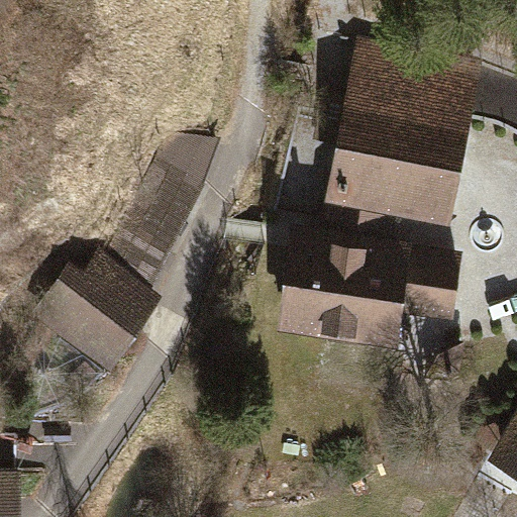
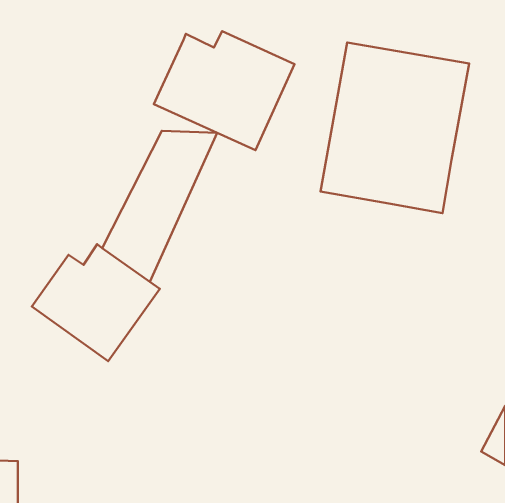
building: none -> [154,31,294,150]
building: [281,199,460,350] -> none

